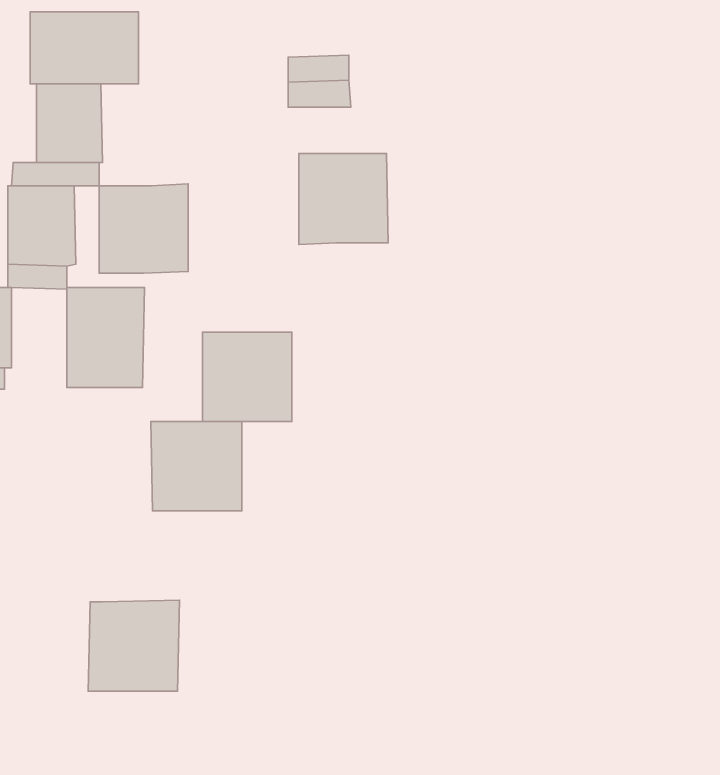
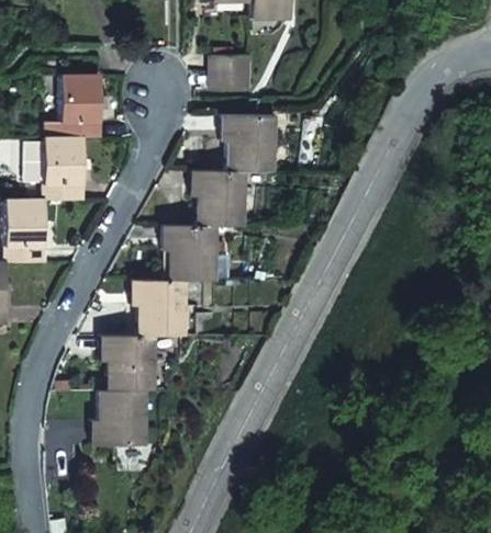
building: [30,12,139,84] -> none
building: [99,184,188,273] -> [190,171,245,226]
building: [67,287,145,388] -> none
building: none -> [101,336,156,392]

